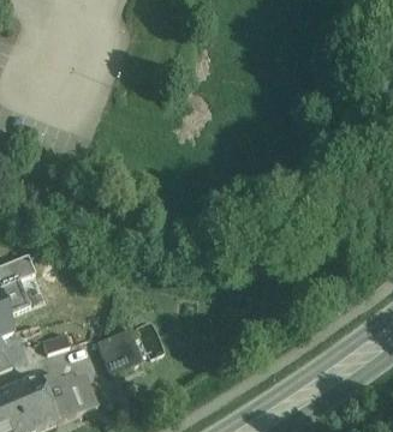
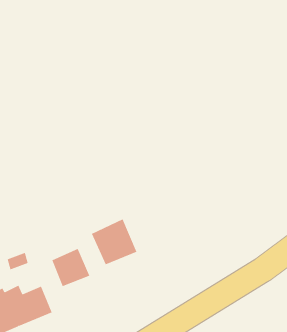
building: none -> [91,219,137,265]

